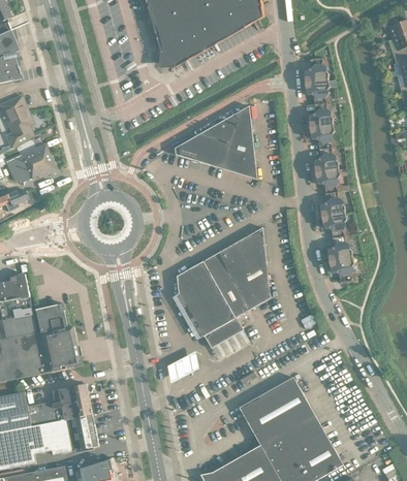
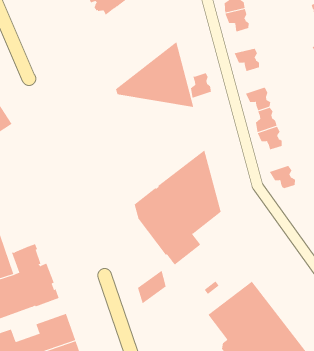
building: [308,102,332,127] -> none
building: [314,147,337,172] -> [190,73,212,98]
building: [327,235,350,261] -> none

